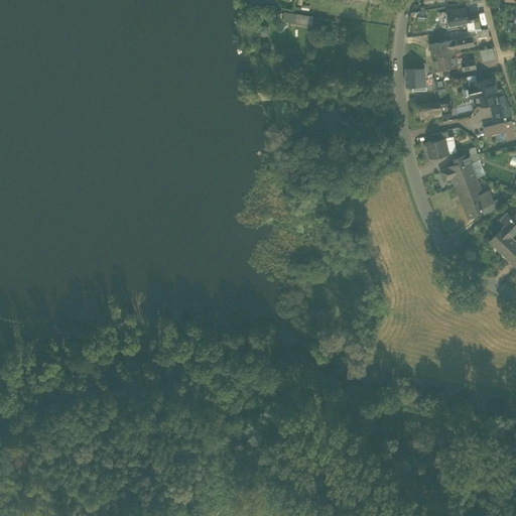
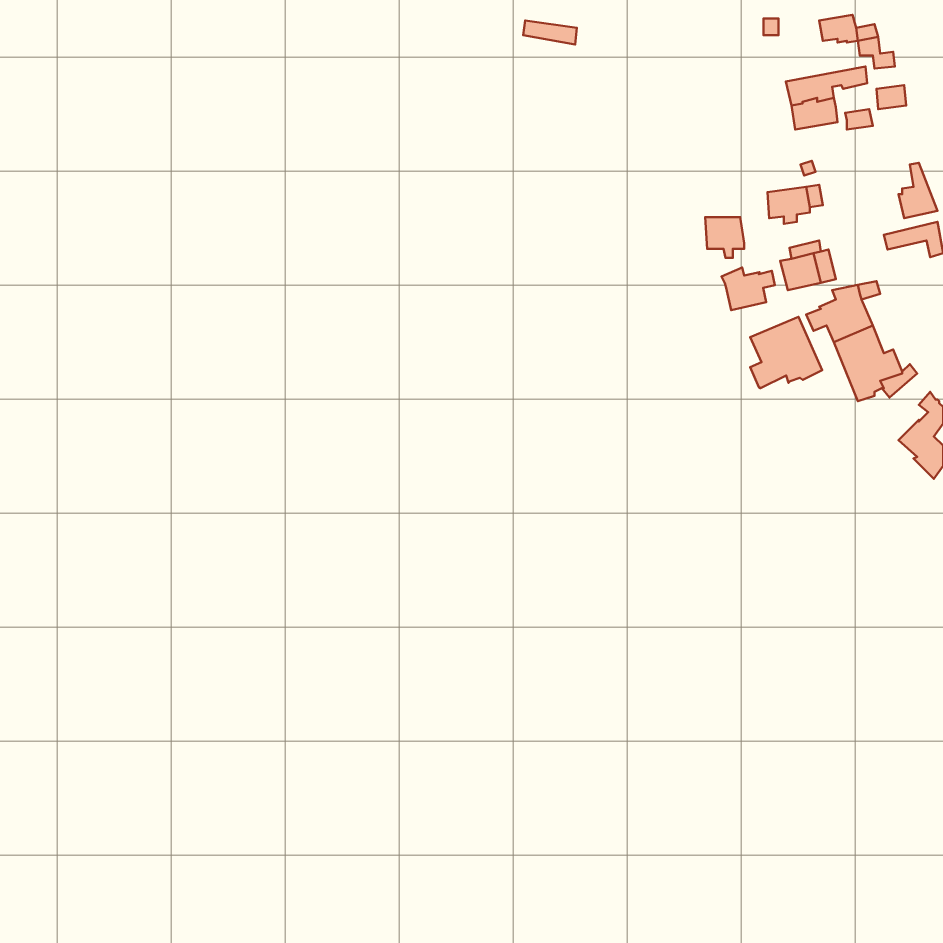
building: [404,70,425,92] -> [705,217,744,258]
building: [469,80,498,105] -> none
building: none -> [722,268,775,310]
building: none -> [750,317,822,388]

